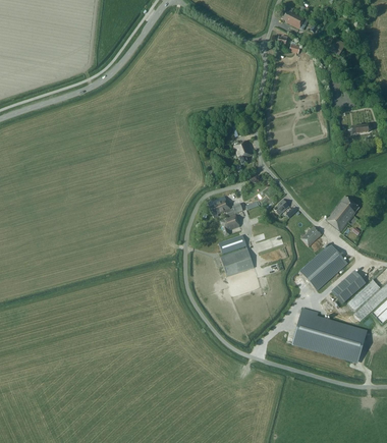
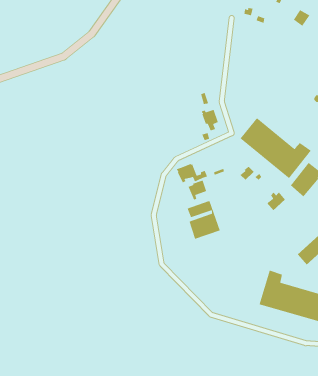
building: none -> [240,117,312,179]
building: [299,243,347,290] -> none

